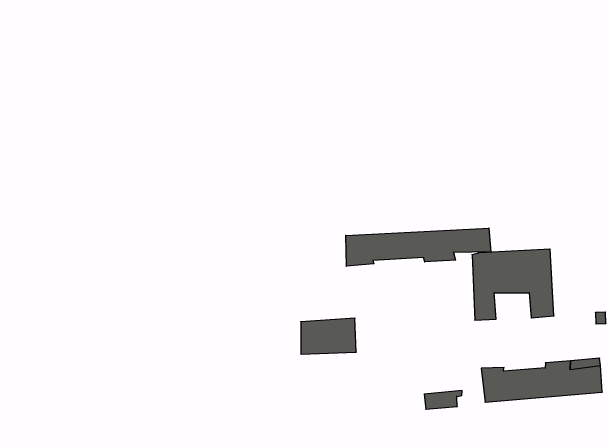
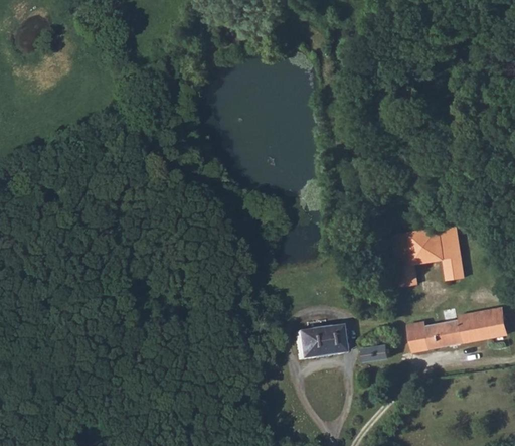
building: [346,228,491,266] -> none
building: [301,318,356,354] -> [296,326,342,358]

